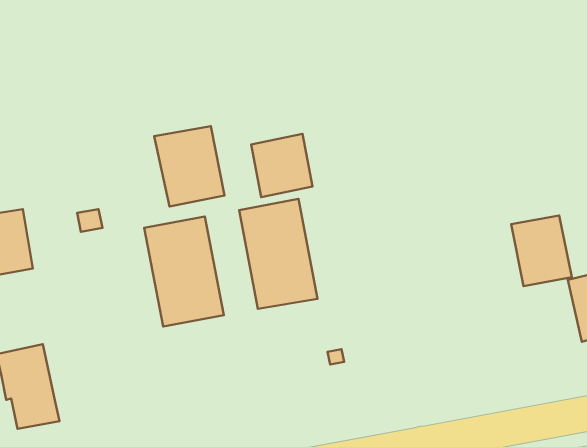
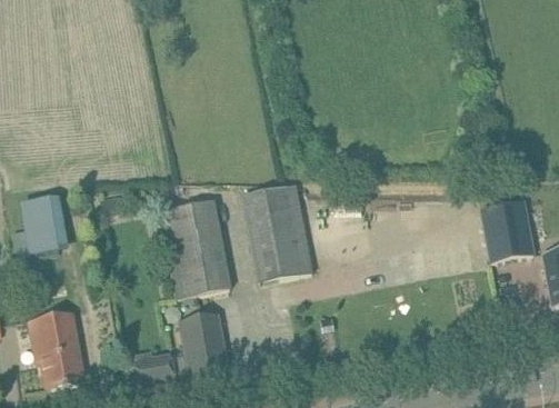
building: [154,126,224,207] -> none
building: [251,134,313,197] -> none
building: none -> [133,318,231,387]

